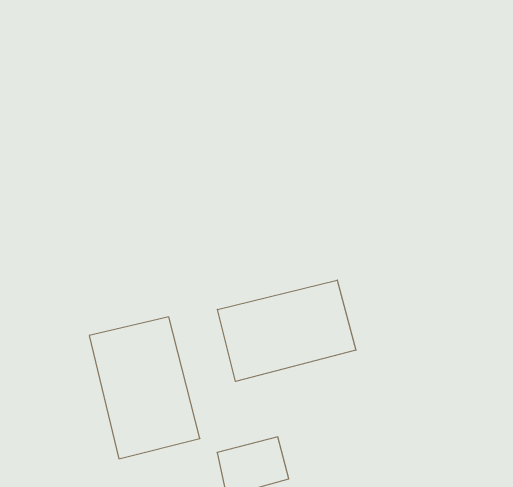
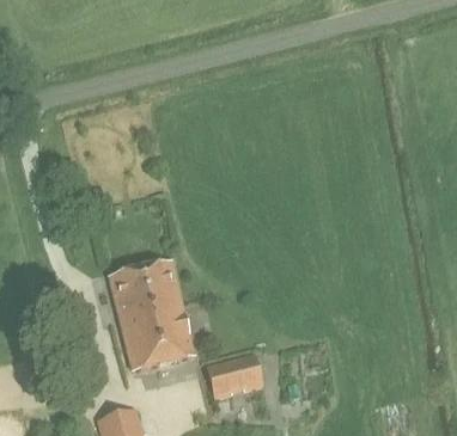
building: [217,280,356,381] -> none

